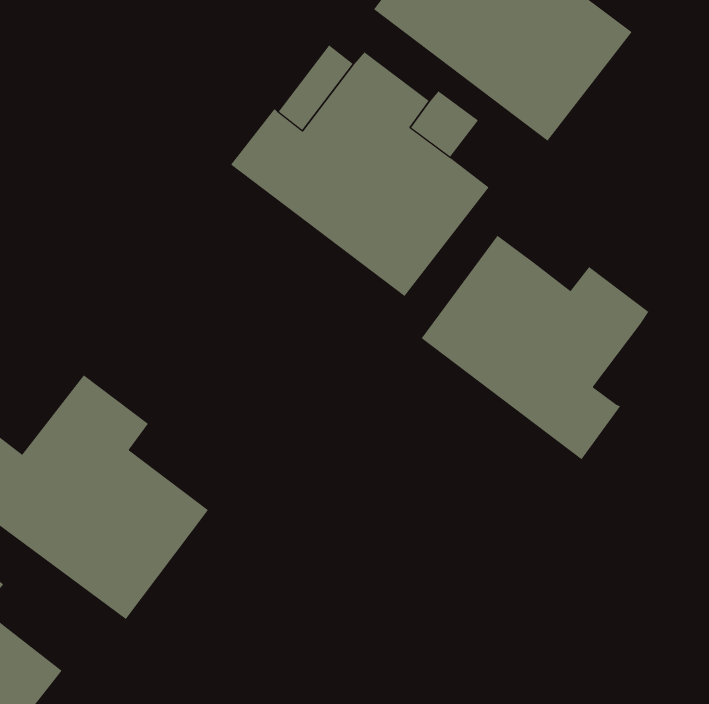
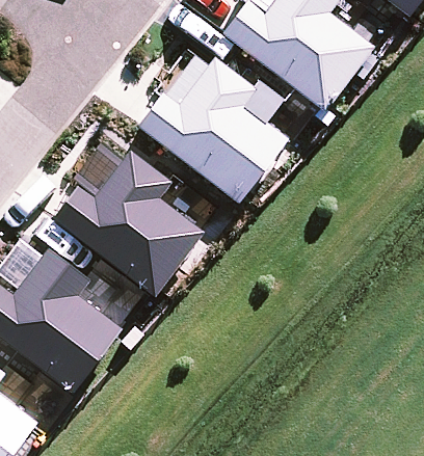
building: none -> [53,147,206,295]
building: [421,235,649,460] -> none

